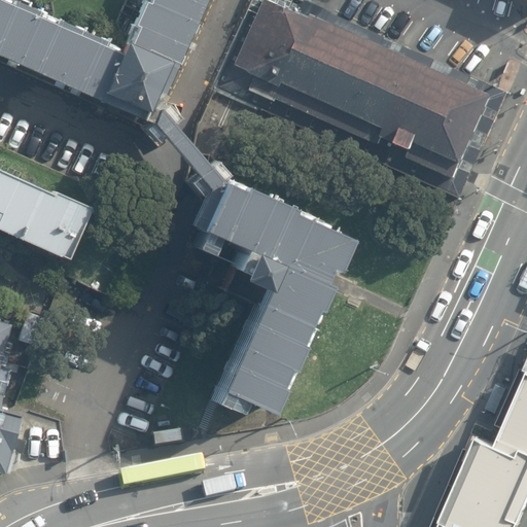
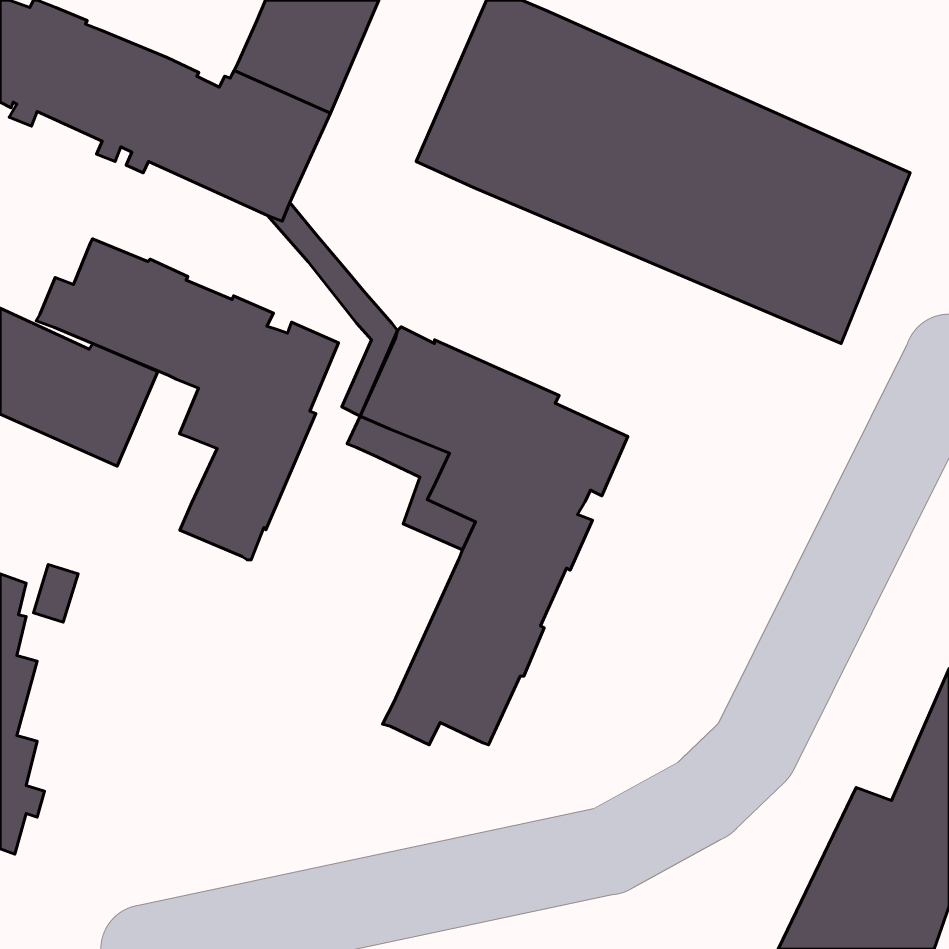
building: none -> [36,239,338,560]

